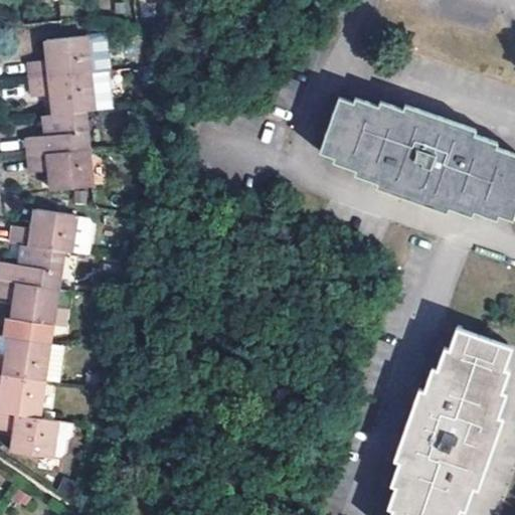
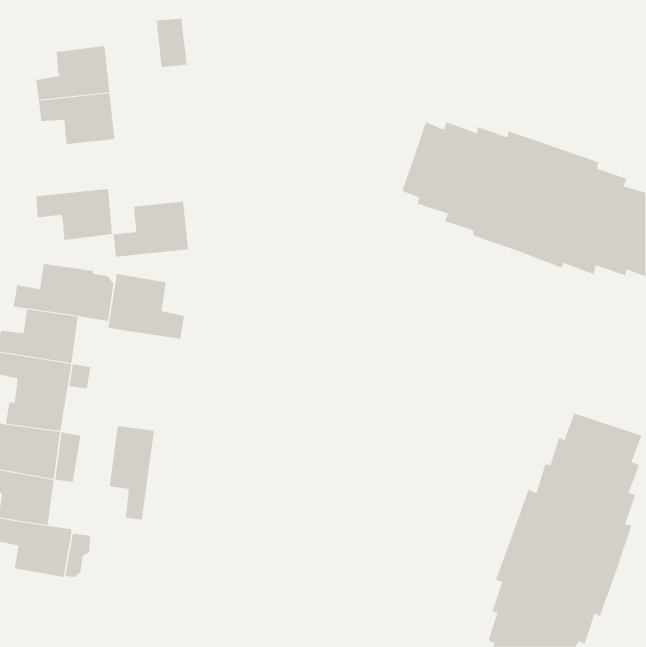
building: [83,34,109,73] -> [156,18,187,67]
building: [26,112,87,156] -> [113,201,189,257]
building: none -> [108,273,185,339]
building: none -> [109,425,154,521]

